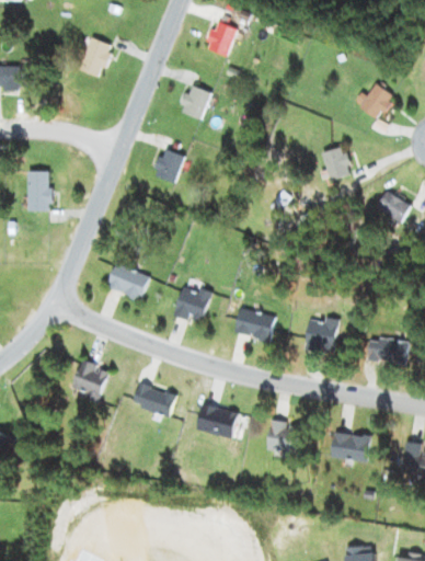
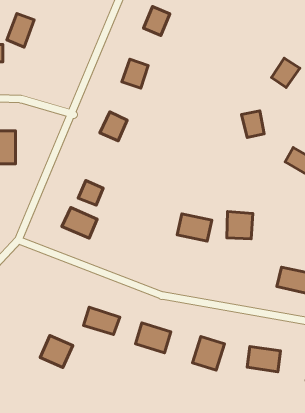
building: [79,37,112,78] -> [7,14,34,47]
building: none -> [78,180,103,205]
building: [173,285,211,324] -> none
building: [234,308,276,341] -> [177,214,212,241]
building: [306,318,337,351] -> [227,212,253,239]
building: [70,359,110,398] -> [40,336,73,367]

